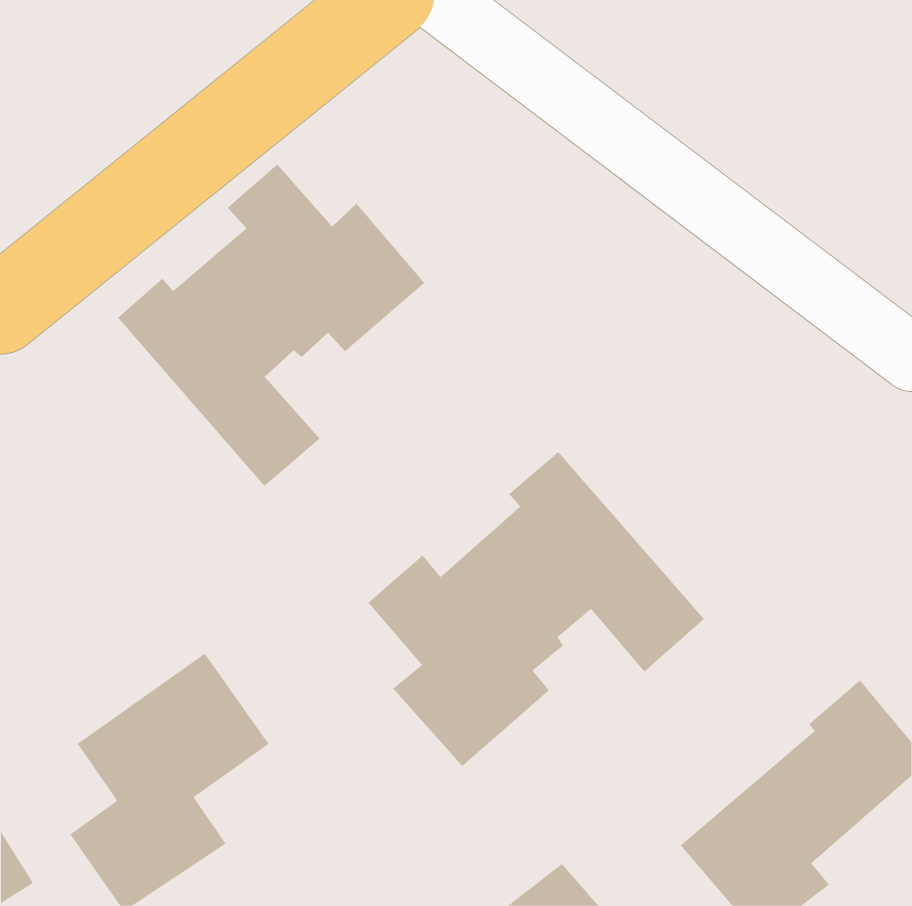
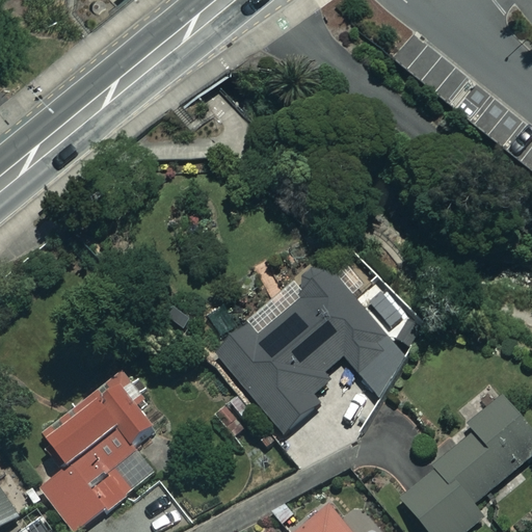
building: [117,164,425,487] -> none

